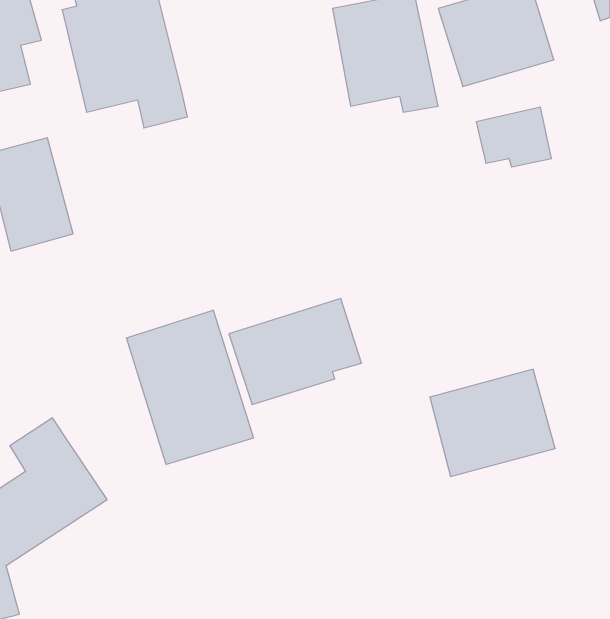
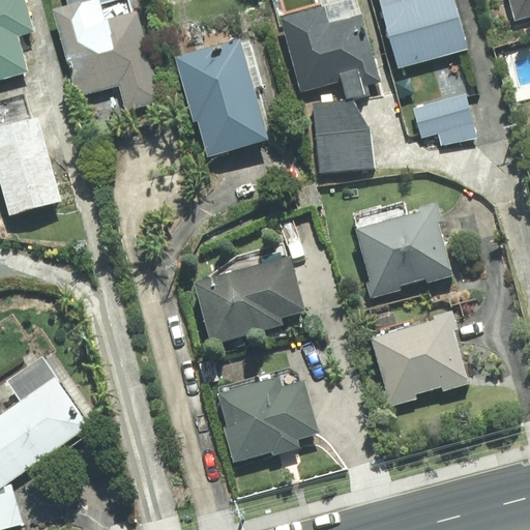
building: none -> [175,43,266,155]
building: none -> [307,105,374,176]
building: none -> [351,204,453,296]
building: [127,310,253,465] -> none
building: none -> [212,371,320,471]

